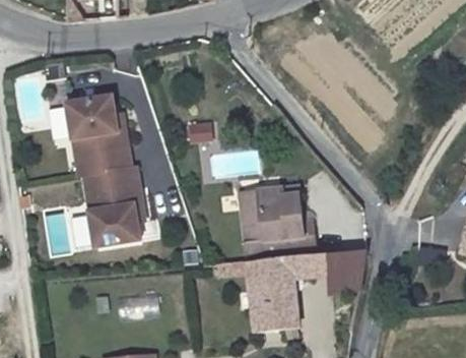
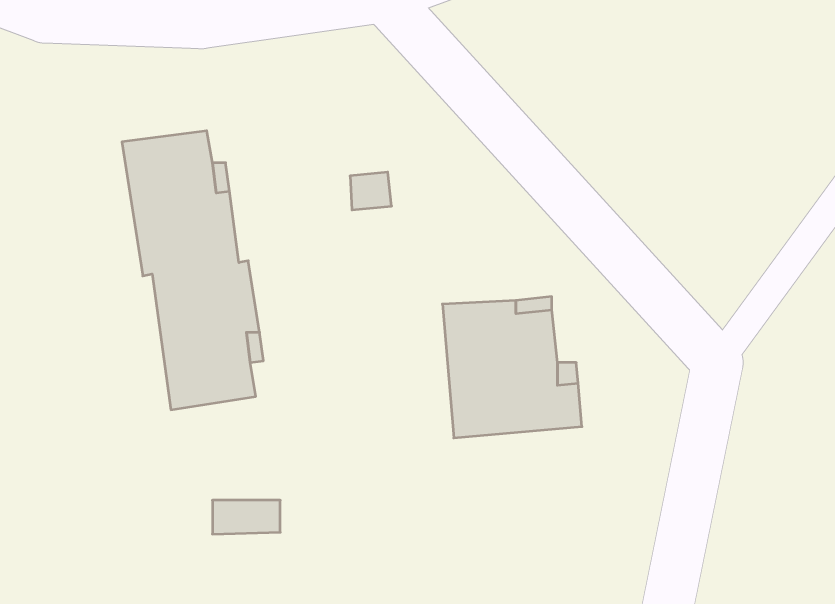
building: [246,250,364,332] -> none

